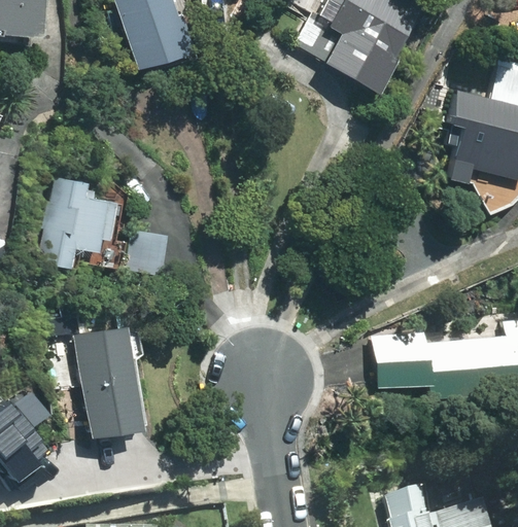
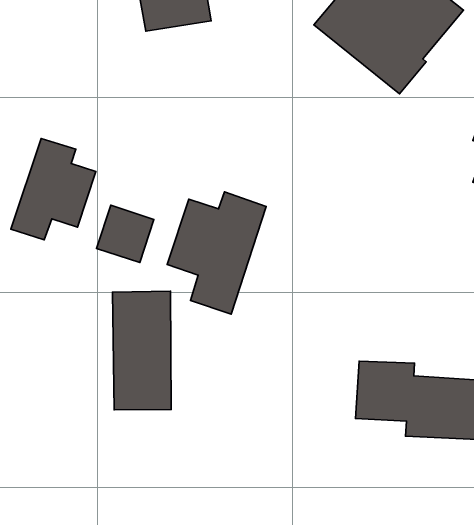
building: none -> [167,192,266,314]
building: [76,324,143,436] -> [112,291,171,410]

